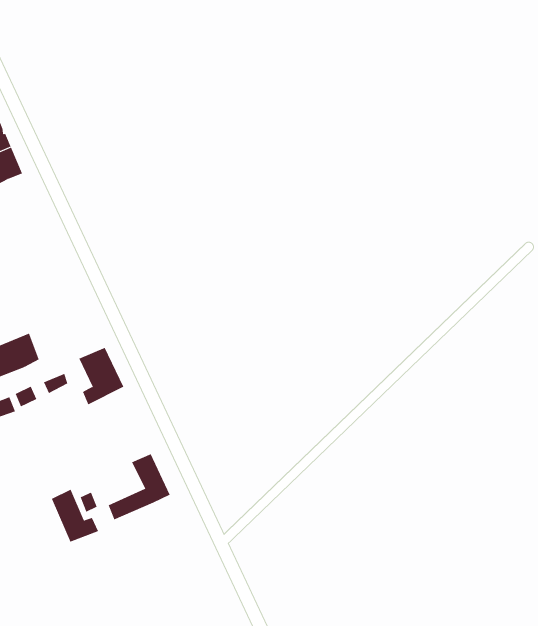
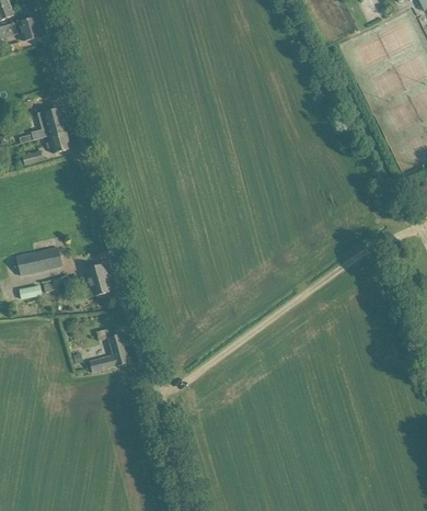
building: [51,489,99,543] -> none

